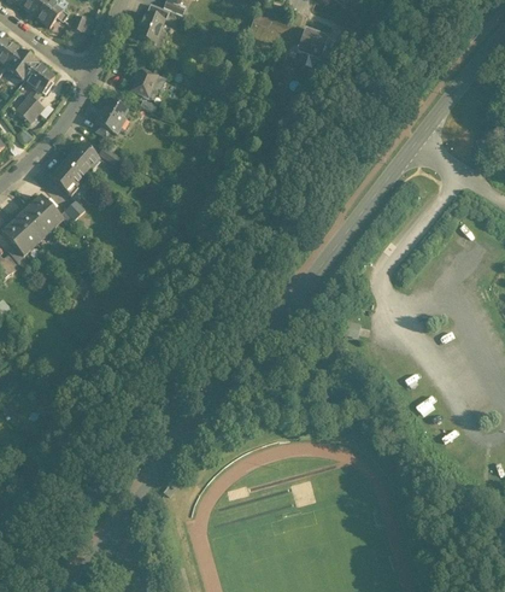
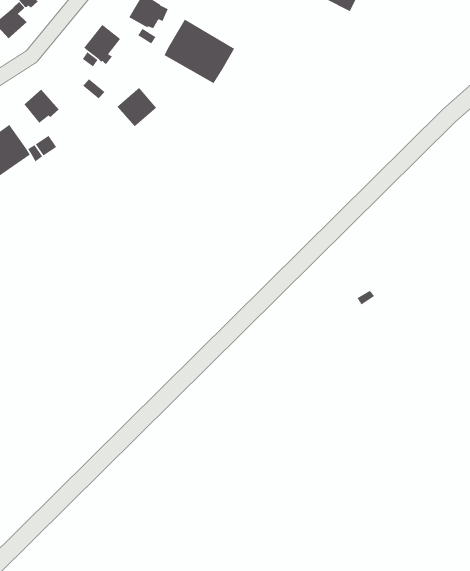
building: none -> [163,18,235,84]
building: [64,141,99,176] -> [117,87,157,127]

